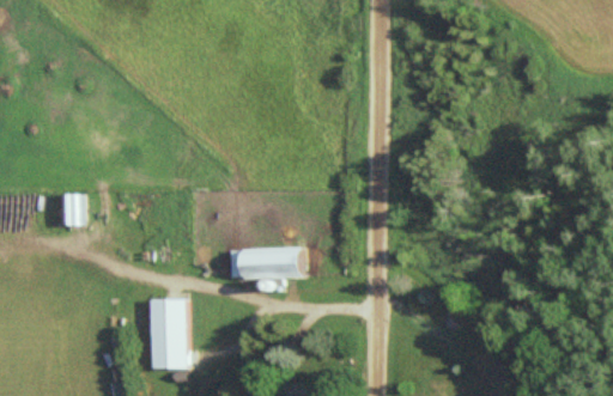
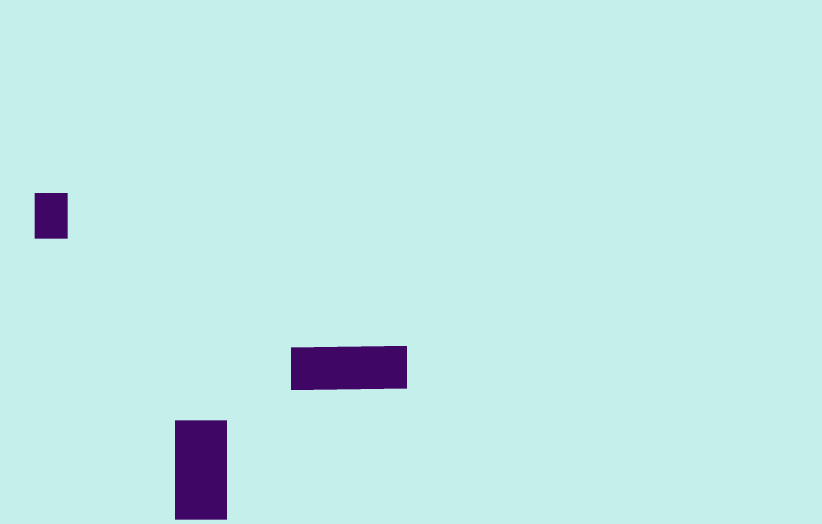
building: [57,194,81,226] -> [34,192,69,239]

